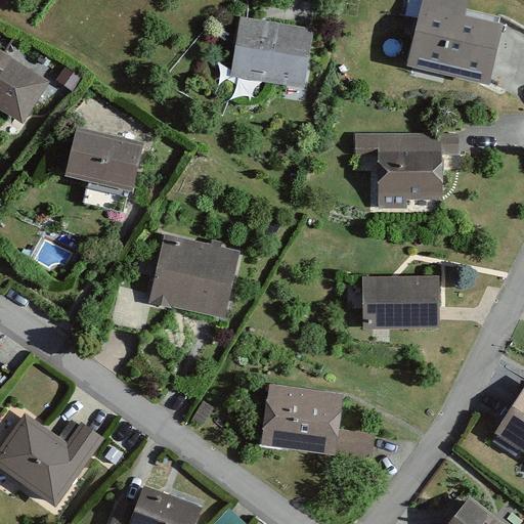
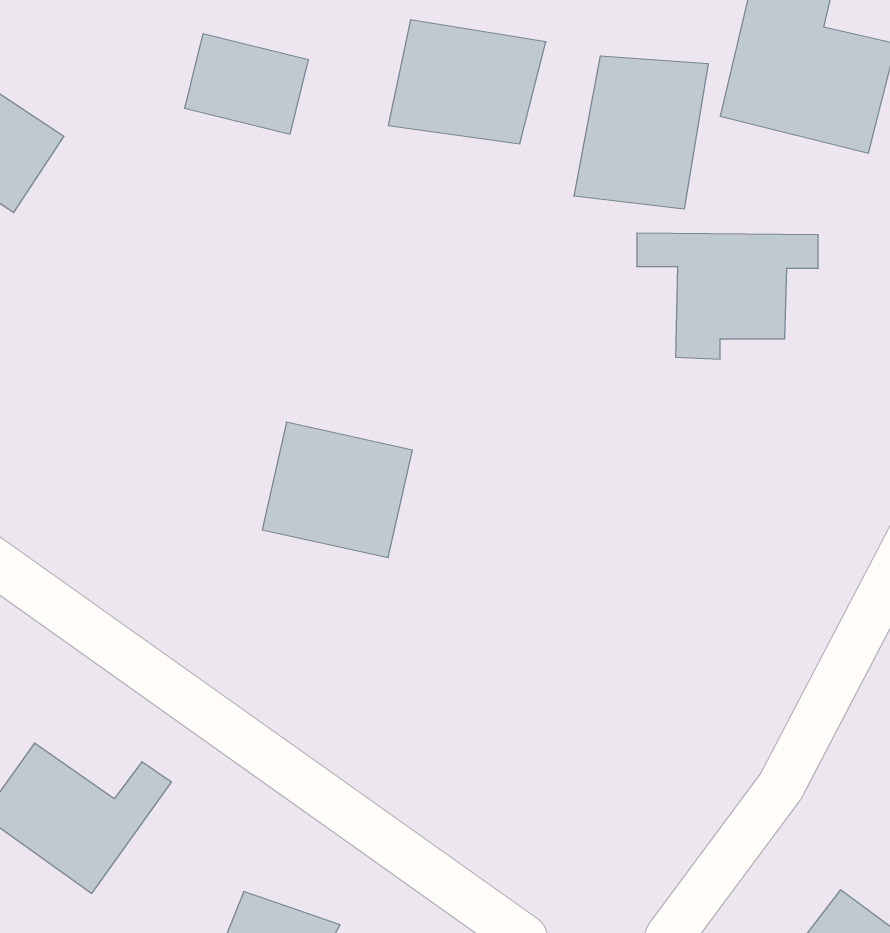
building: none -> [574,56,708,209]
building: [71,124,139,179] -> [184,34,309,134]
building: [368,279,436,322] -> none
building: [265,385,370,455] -> none

